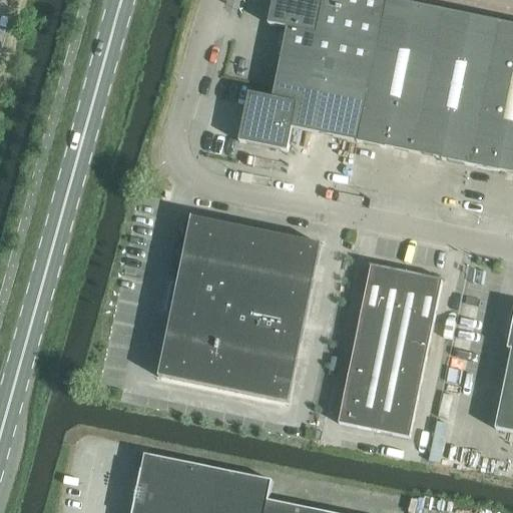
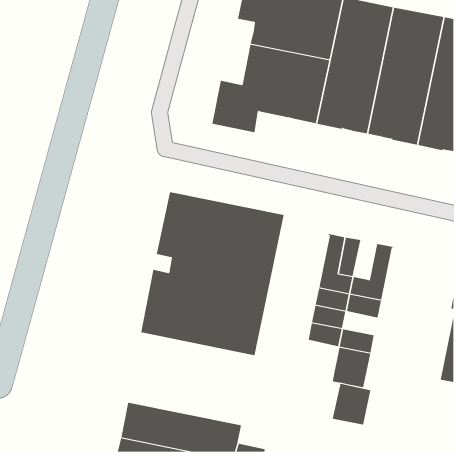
building: [397,270,423,315] -> none
building: [385,350,425,377] -> none
building: [337,382,381,429] -> [332,383,371,425]

